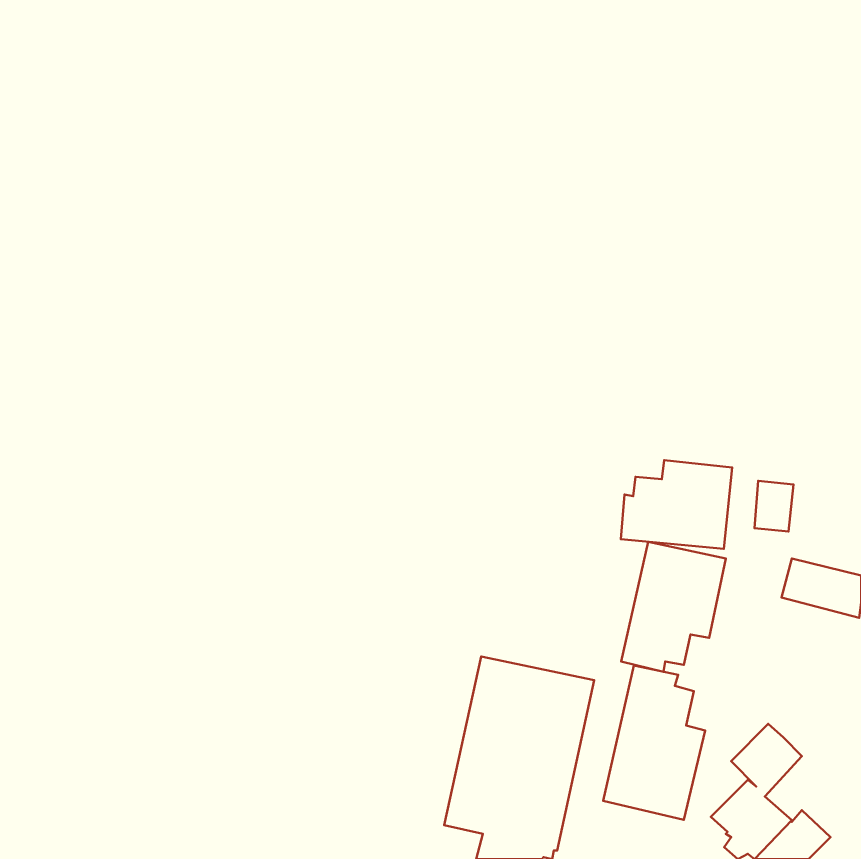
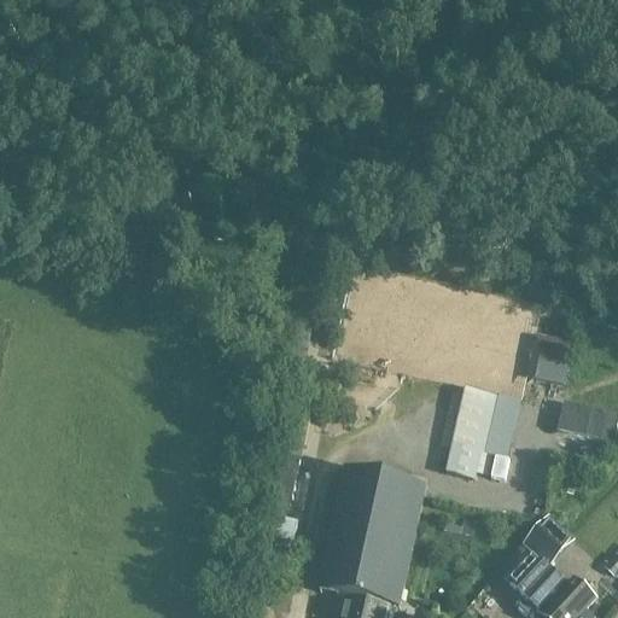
building: [621,460,732,549] -> none
building: [603,665,705,820] -> none

